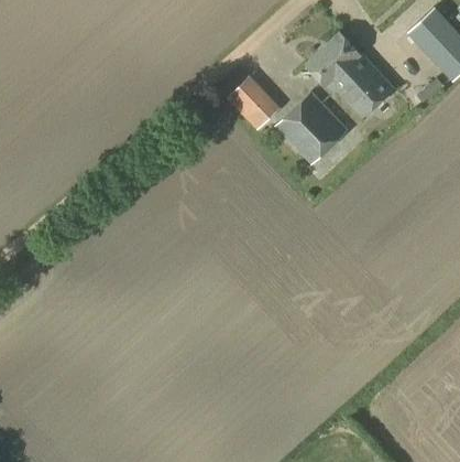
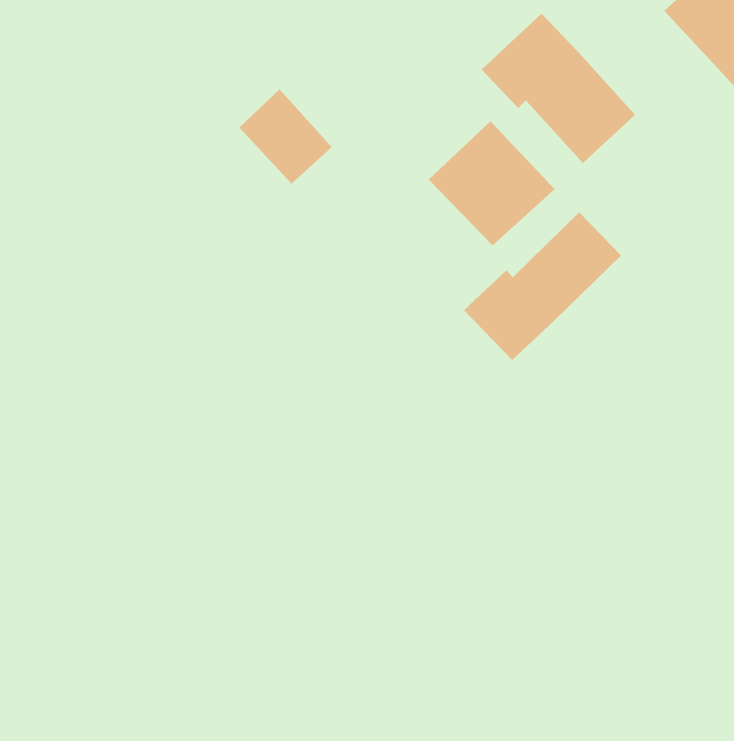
building: [228,76,281,130] -> [238,88,333,184]
building: none -> [463,212,622,361]

